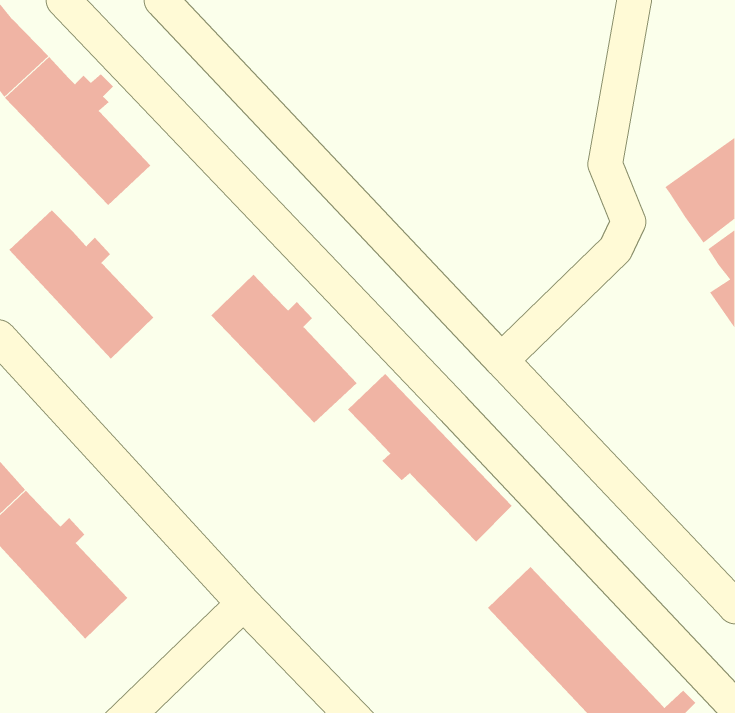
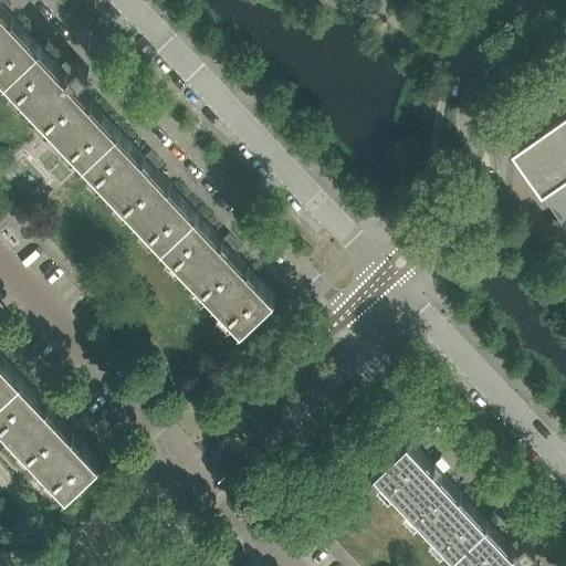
building: [8,210,154,359] -> [83,145,195,260]
building: [347,373,513,542] -> none

